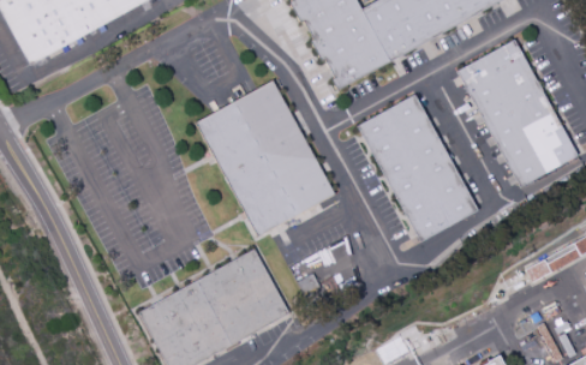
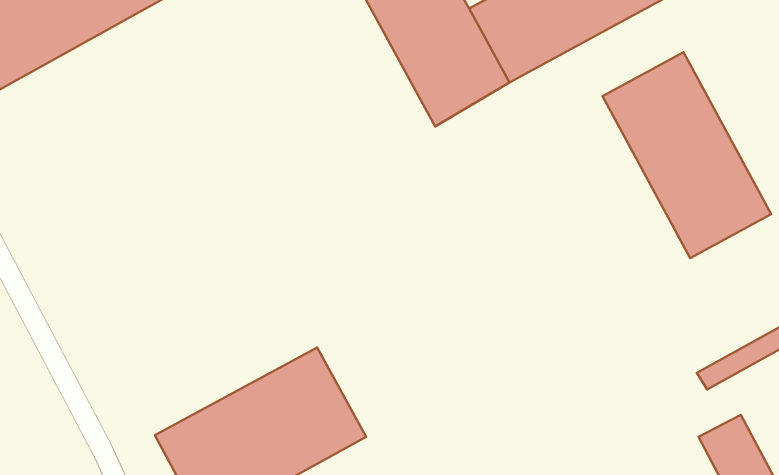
building: [195,80,336,237] -> none
building: [358,95,479,243] -> none

